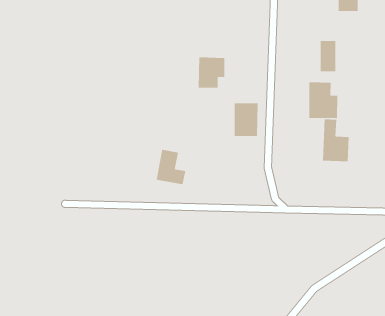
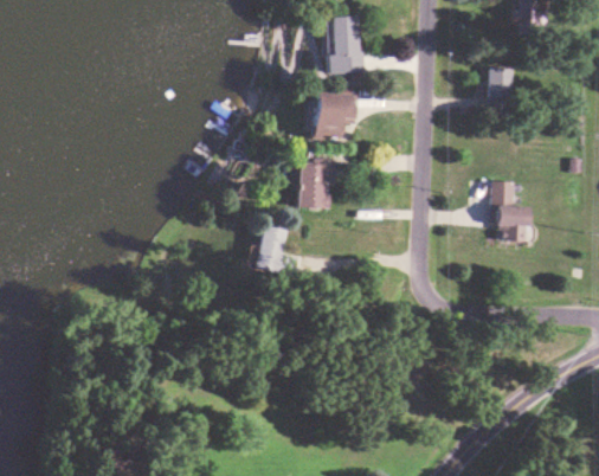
building: none -> [324,15,363,72]
building: [309,81,338,119] -> none
building: [234,103,259,136] -> [298,157,334,206]

